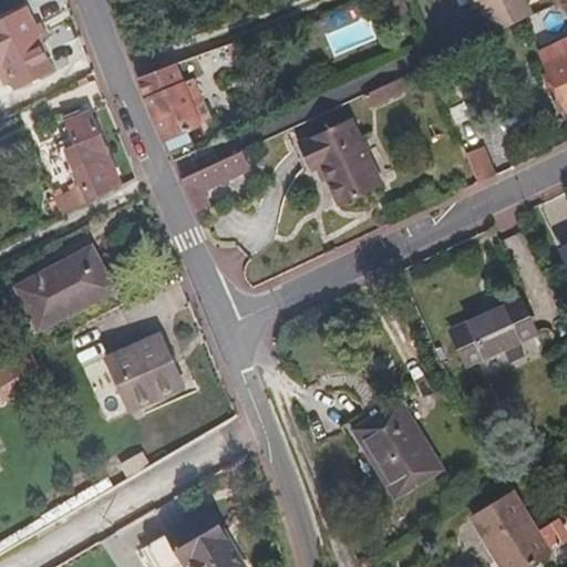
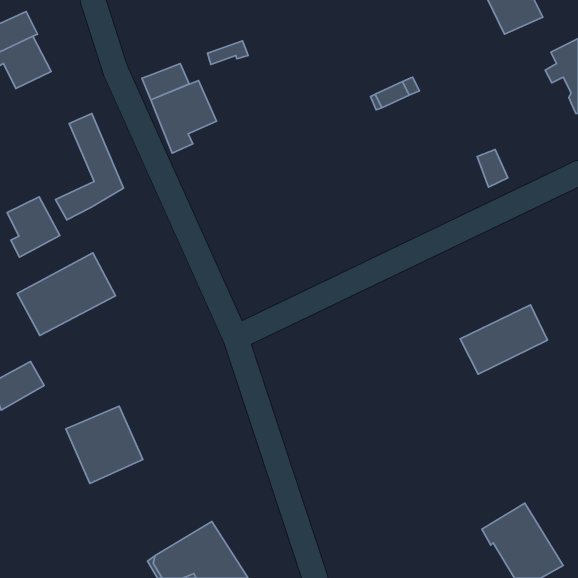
building: [297,117,382,206] -> none
building: [181,150,251,210] -> none
building: none -> [7,197,60,257]
building: [106,334,182,410] -> [66,406,143,483]
building: [352,399,442,498] -> none

